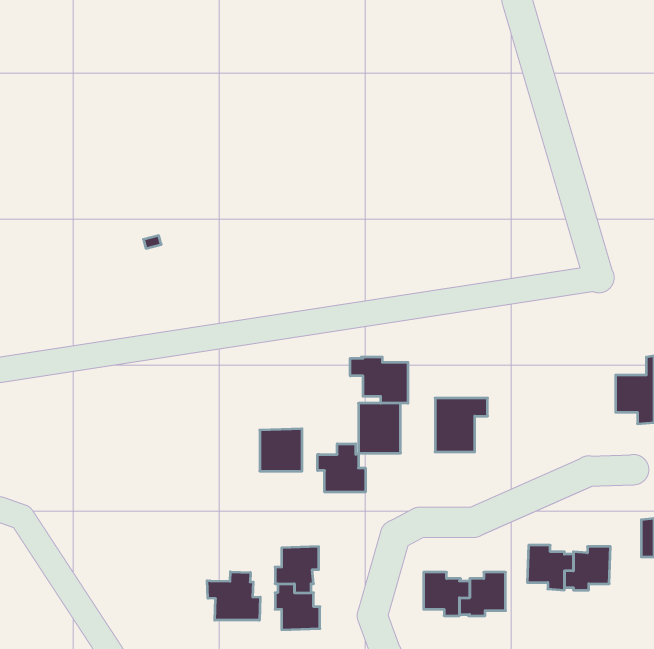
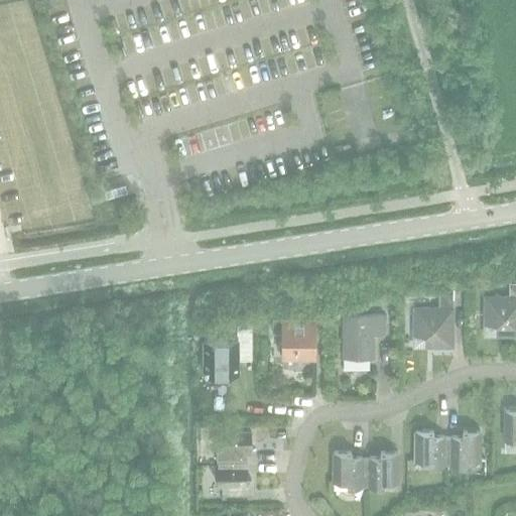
building: [350,357,408,403] -> none
building: none -> [414,296,453,349]
building: [318,444,365,492] -> none
building: [207,572,260,620] -> none

